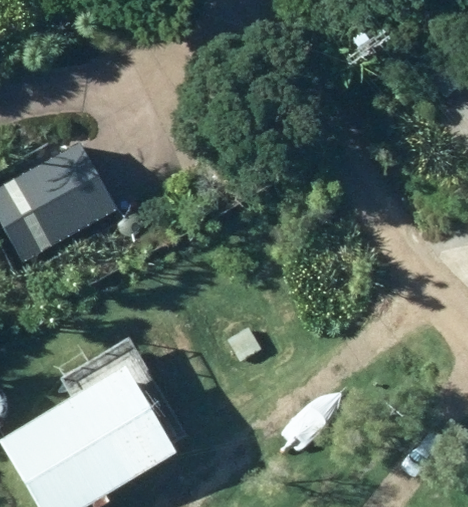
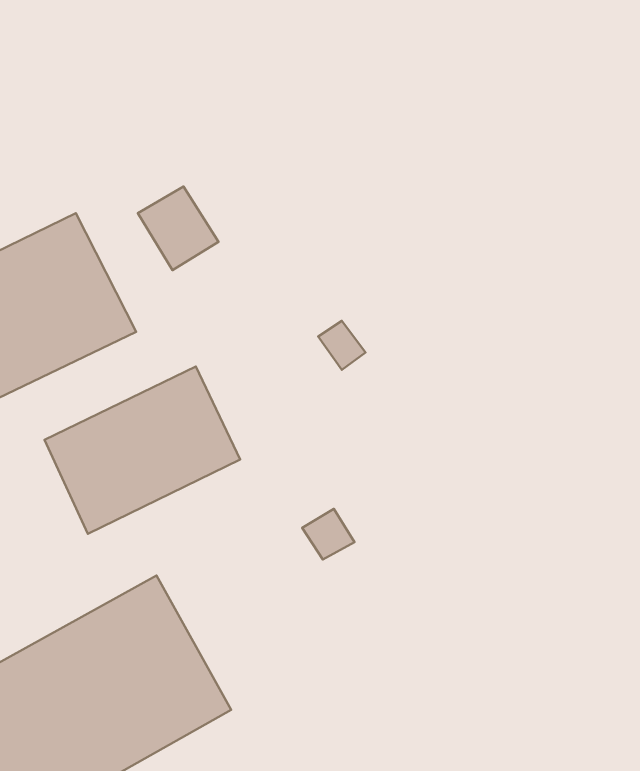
building: none -> [44,366,240,534]

